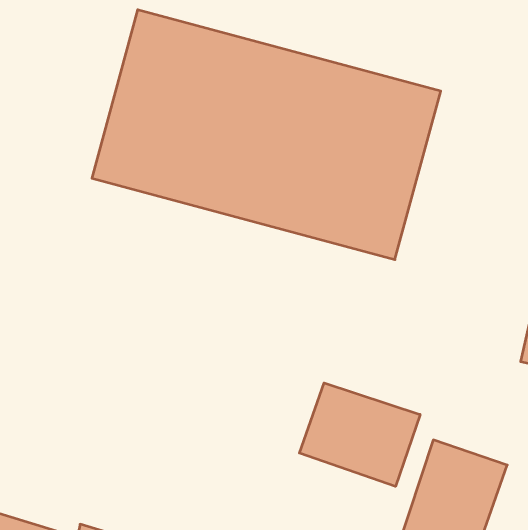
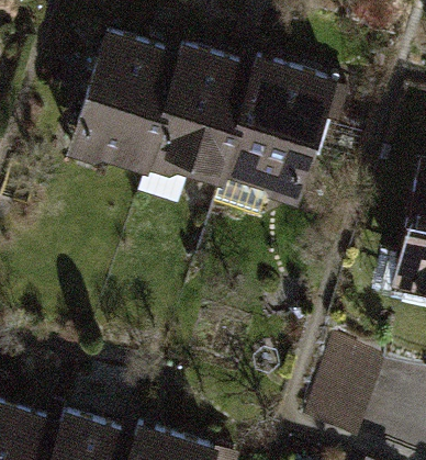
building: [299,383,420,486] -> none

